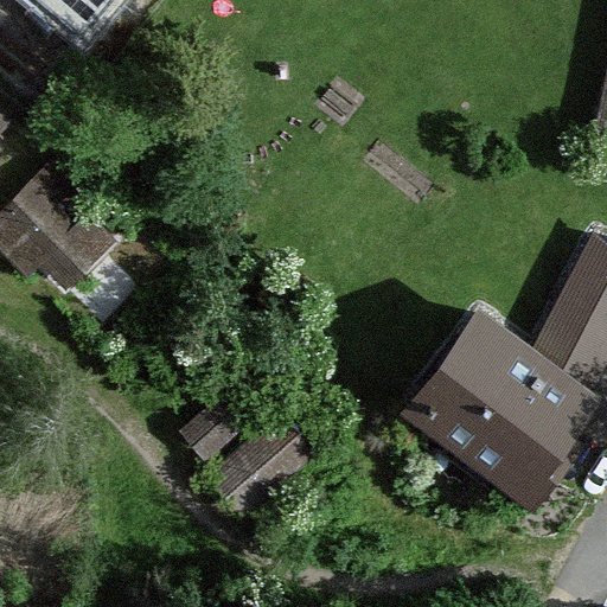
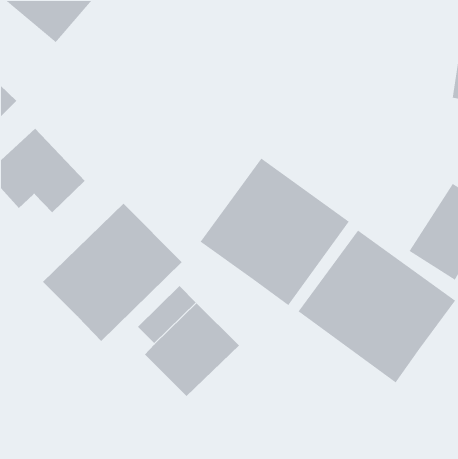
building: none -> [200,158,350,306]
building: none -> [42,203,182,342]

